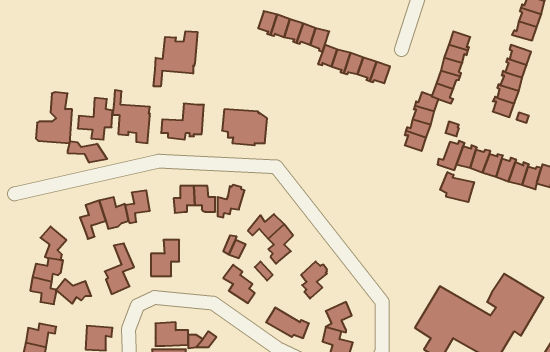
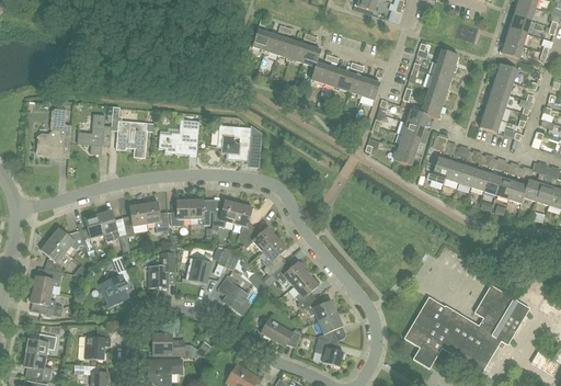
building: [154,31,197,86] -> none
building: [68,141,107,163] -> none
building: [440,172,474,202] -> none
building: none -> [144,198,169,231]
building: none -> [233,203,254,242]
building: none -> [185,256,211,282]
building: none -> [272,260,308,285]
building: [56,279,91,304] -> [50,227,84,251]
building: none -> [304,296,337,320]

